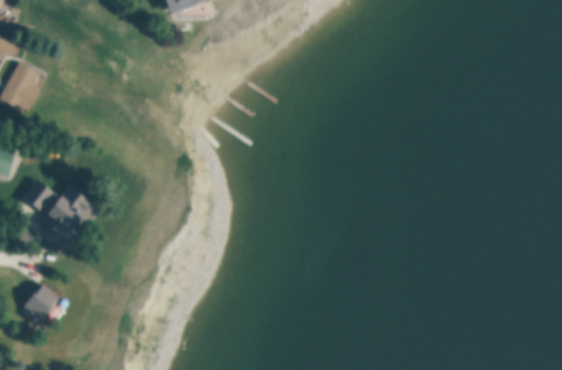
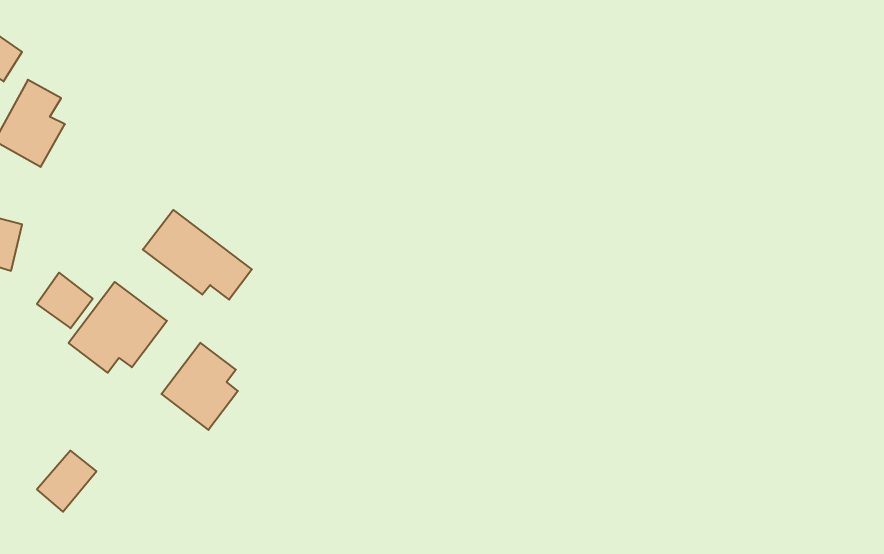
building: none -> [143,210,252,300]
building: none -> [161,343,238,430]

